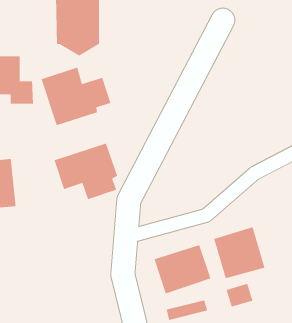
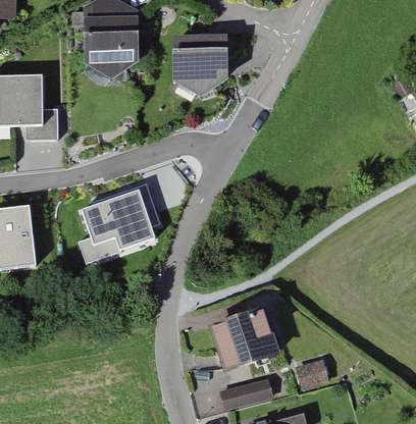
building: none -> [177,37,227,92]
building: [41,67,111,126] -> none
building: [213,226,266,279] -> none

